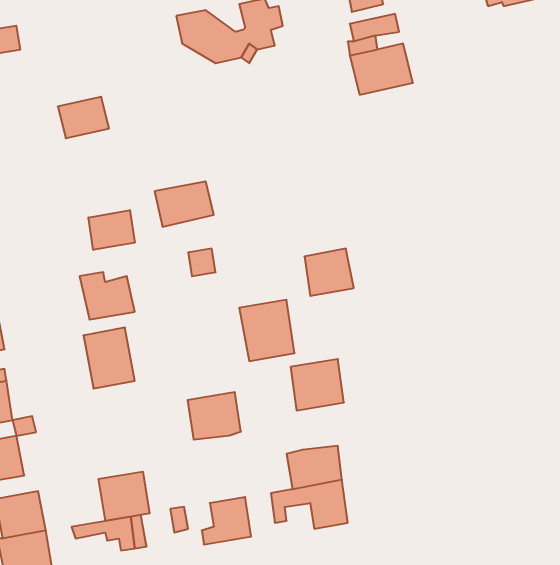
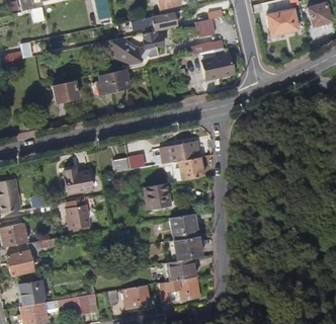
building: [155,181,214,227] -> [98,69,129,92]
building: [88,210,135,250] -> none
building: none -> [165,142,199,164]
building: [188,392,241,440] -> [174,237,201,261]
building: [99,472,150,521] -> none

